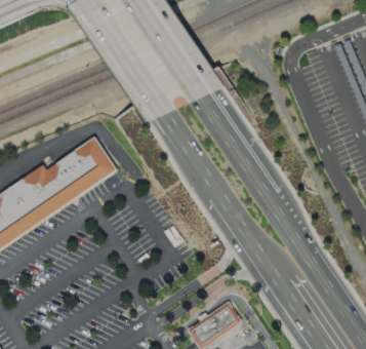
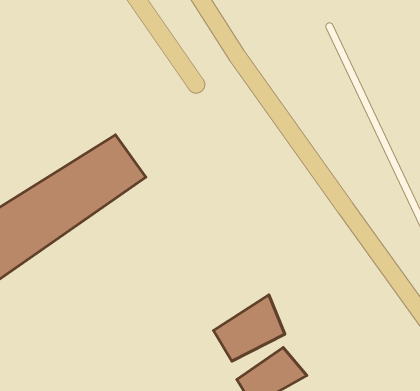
building: none -> [214,295,285,361]

